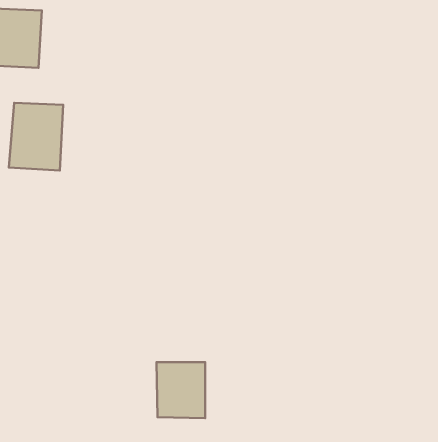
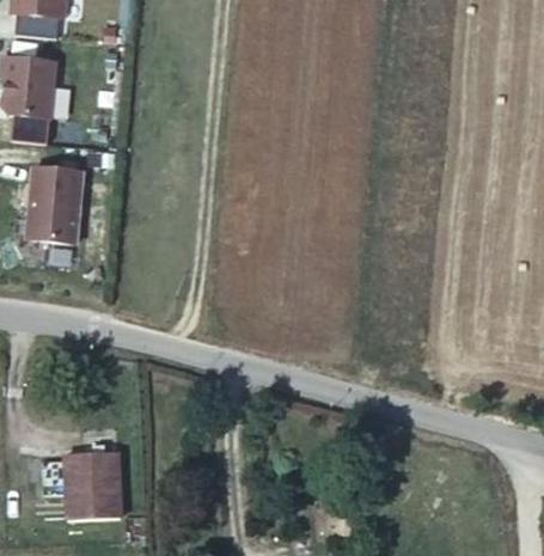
building: [156,362,205,418] -> [72,458,127,521]

